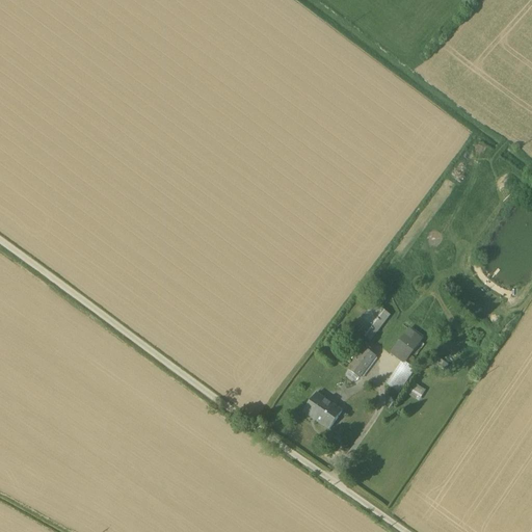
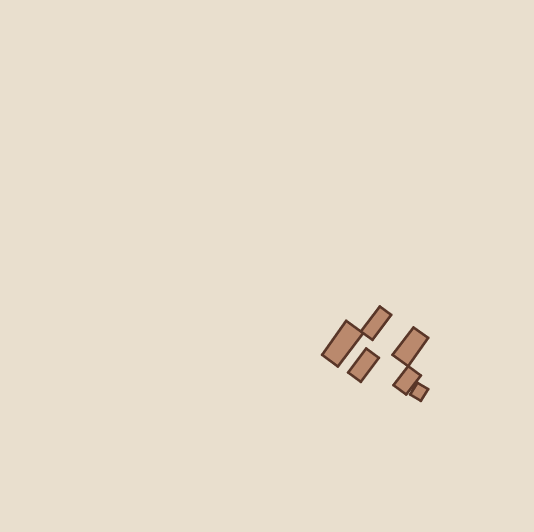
building: none -> [322,321,363,367]
building: [302,392,344,431] -> none

